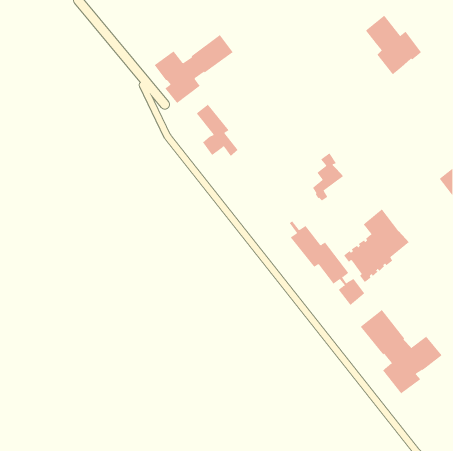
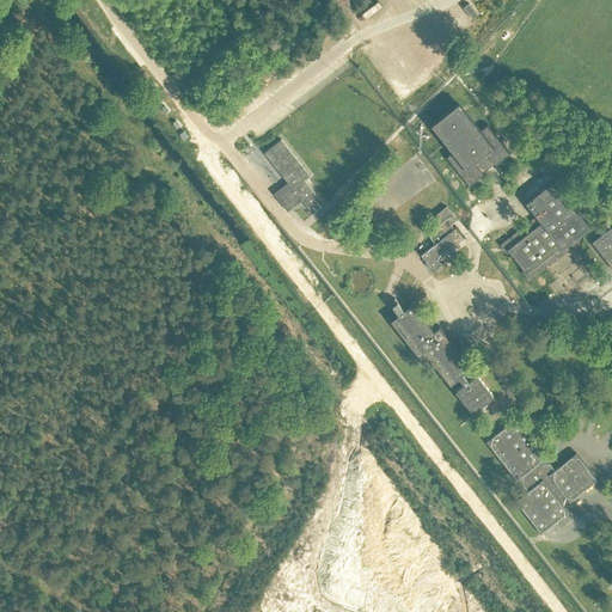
building: [365,15,422,75] -> [432,105,508,186]
building: [154,34,233,104] -> none
building: [343,209,410,283] -> [500,183,589,283]

